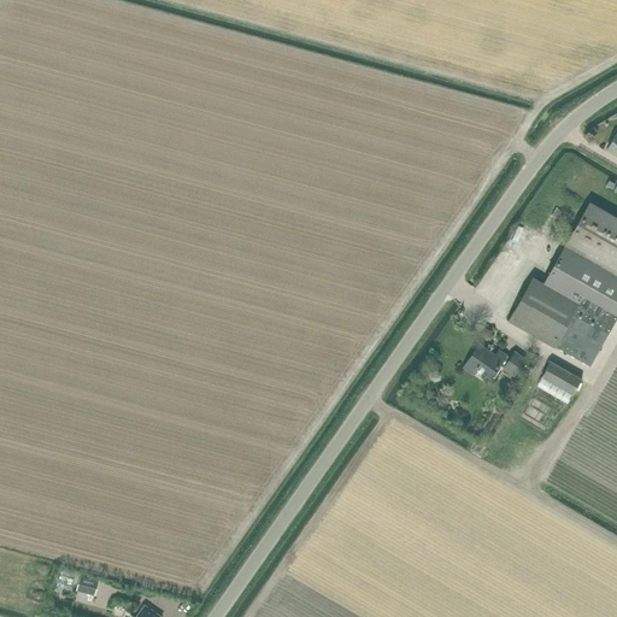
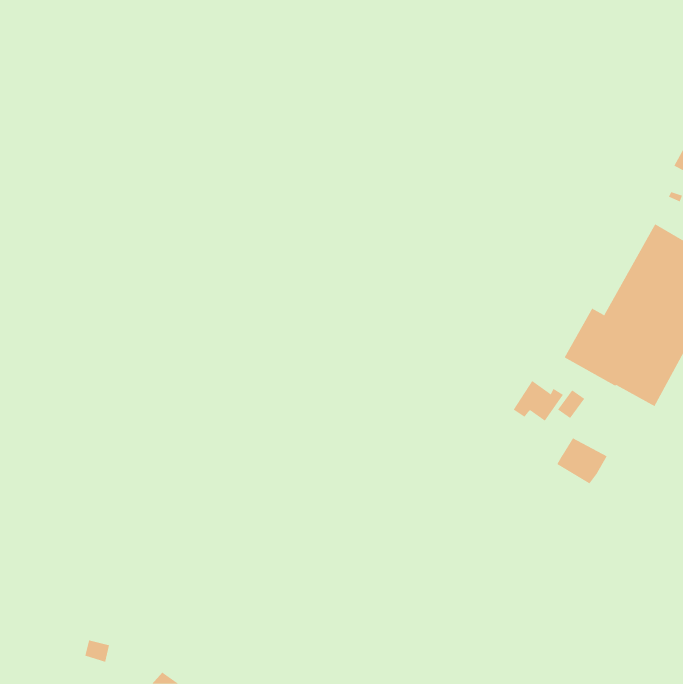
building: [537,362,583,404] -> [557,437,607,484]

